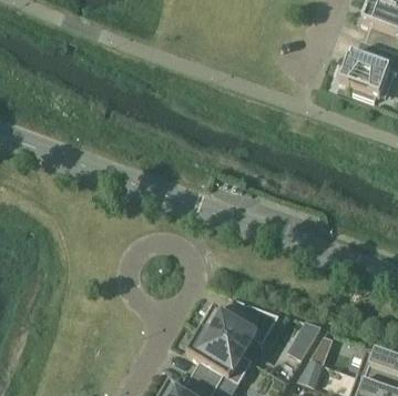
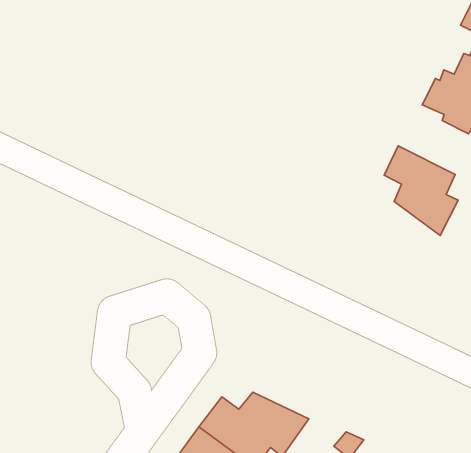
building: none -> [384,146,458,235]

